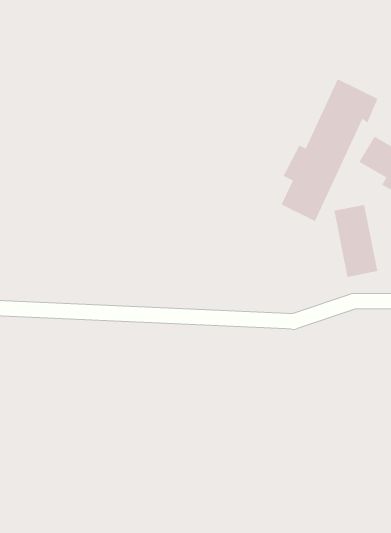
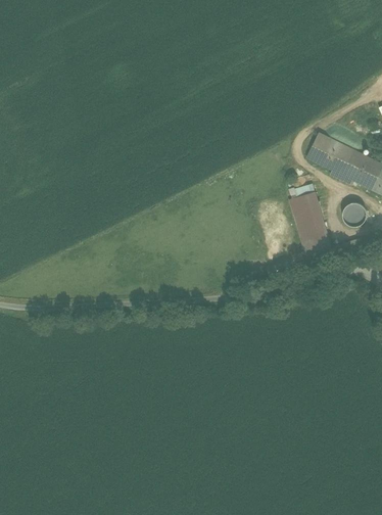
building: [281,79,378,222] -> none

